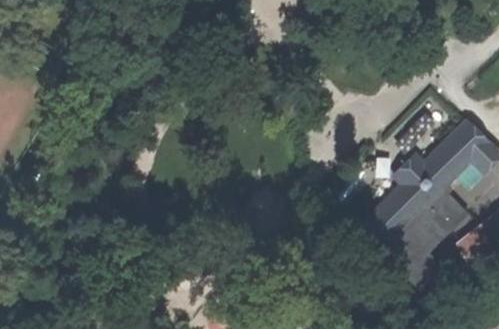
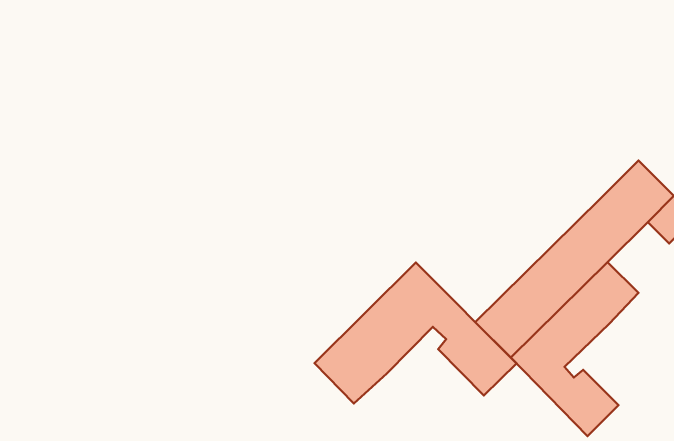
building: none -> [314,262,517,403]

